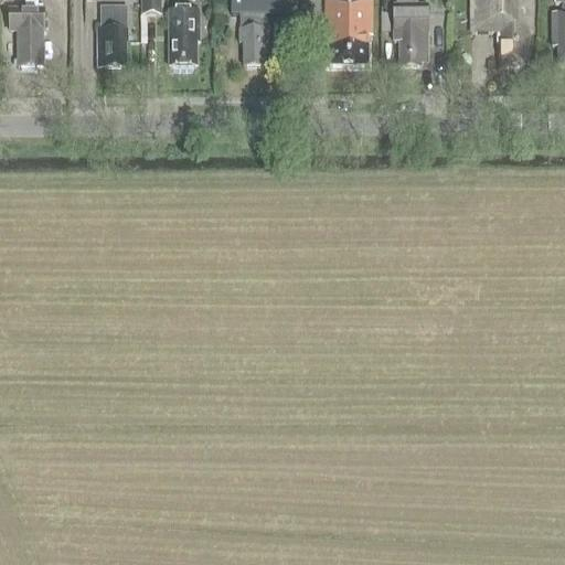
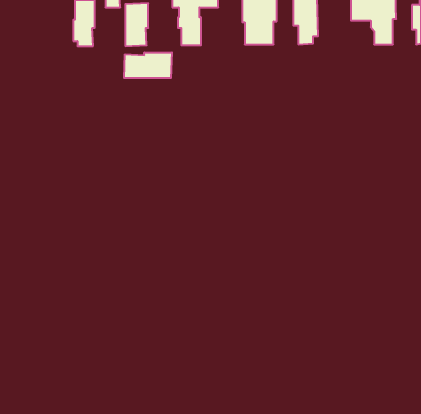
building: [8,4,43,62] -> none
building: none -> [124,52,172,78]

